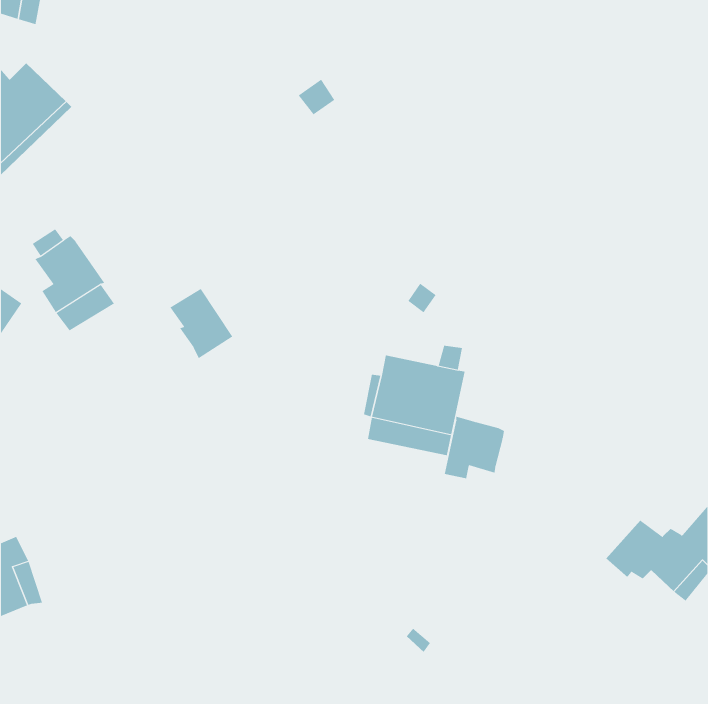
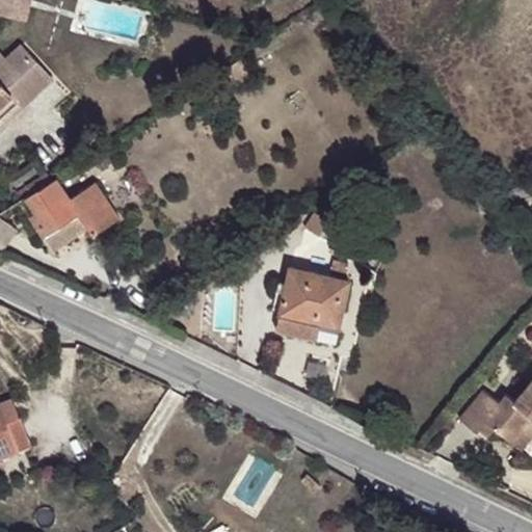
building: [169,288,233,359] -> [69,183,116,236]
building: [444,416,505,479] -> none

